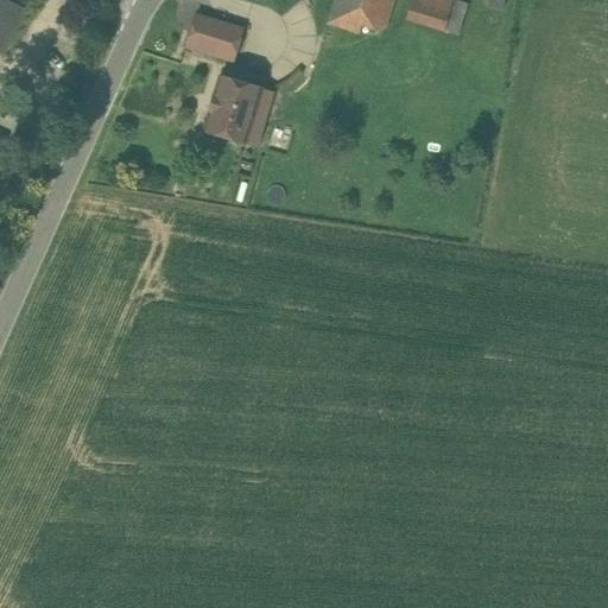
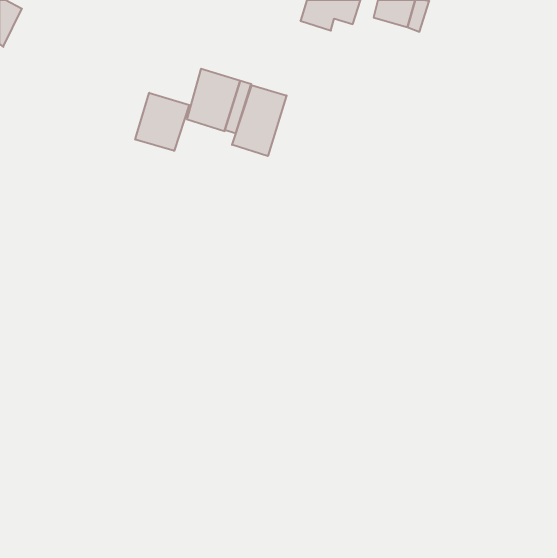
building: [184,13,242,62] -> none
building: none -> [232,85,287,156]
building: none -> [135,93,189,151]

